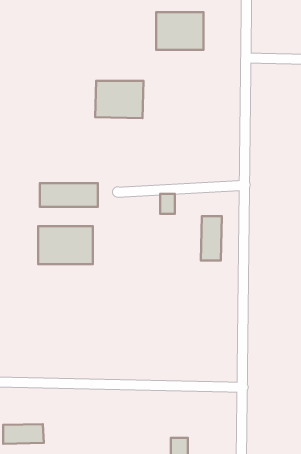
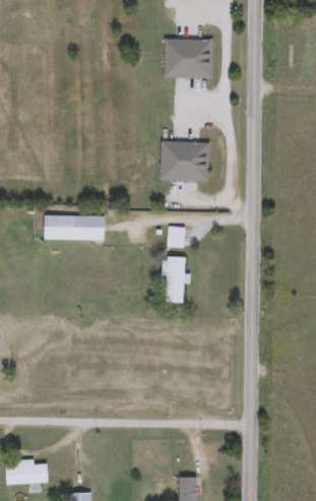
building: [95,81,144,118] -> [160,142,209,181]
building: [201,216,222,261] -> [164,257,185,303]
building: [38,226,93,264] -> none

